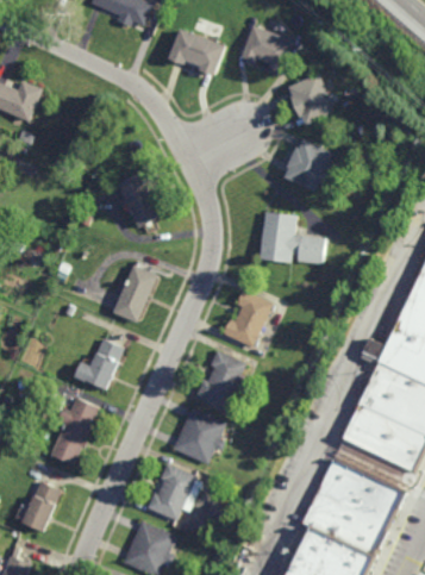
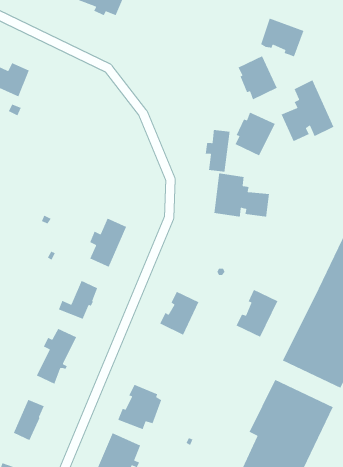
building: [242,25,294,73] -> [260,17,304,58]
building: [168,29,225,77] -> none
building: none -> [280,79,335,142]
building: none -> [205,129,230,172]
building: [117,174,161,229] -> none
building: [221,290,273,349] -> [235,289,279,338]
building: [171,406,225,463] -> none

